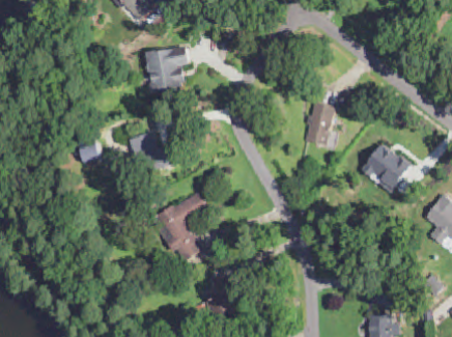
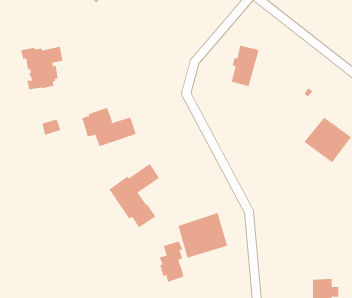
building: [142,46,188,92] -> [21,46,63,90]
building: [306,101,336,145] -> [231,45,259,87]
building: none -> [178,212,228,258]

